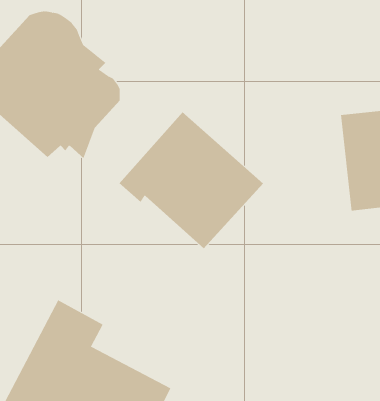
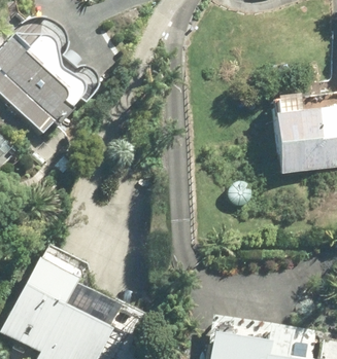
building: [118,111,264,249] -> none

